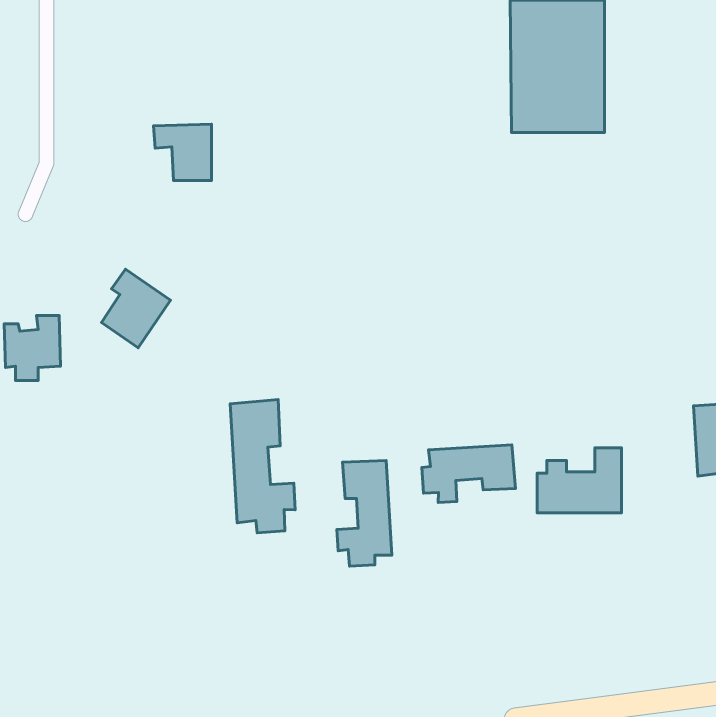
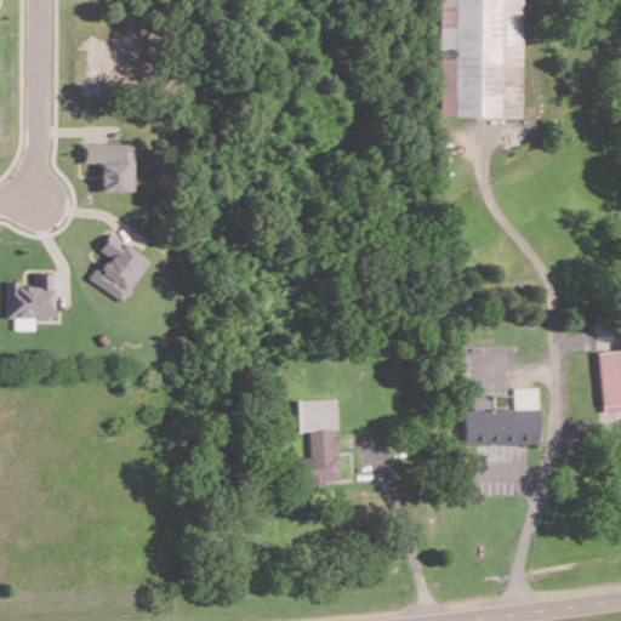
building: [154,124,211,181] -> [86,143,136,192]
building: [230,400,295,533] -> none
building: [422,445,515,503] -> none

